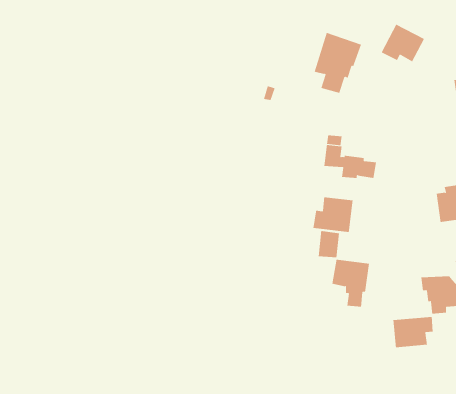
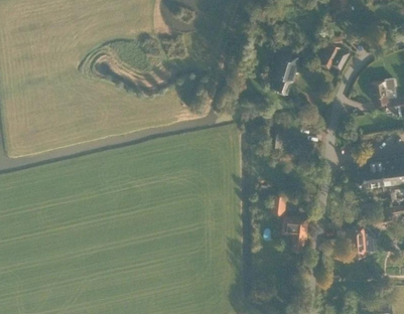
building: [313,196,353,233] -> none
building: [393,316,433,348] -> none

